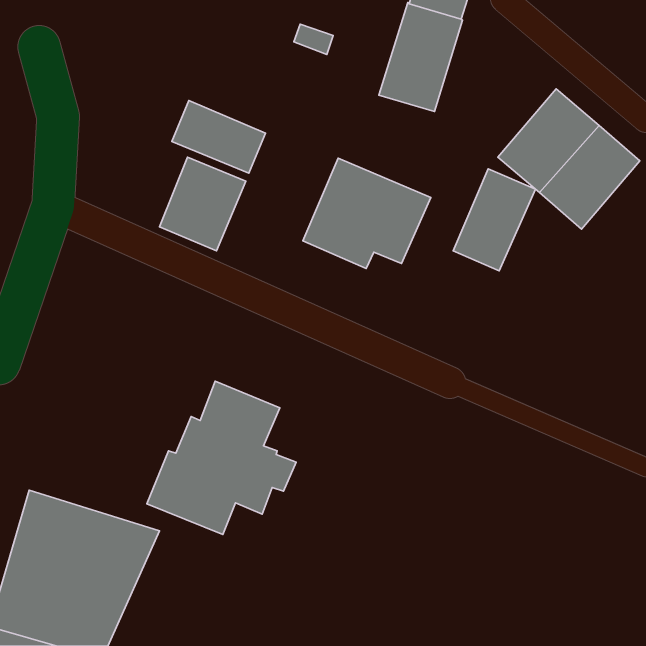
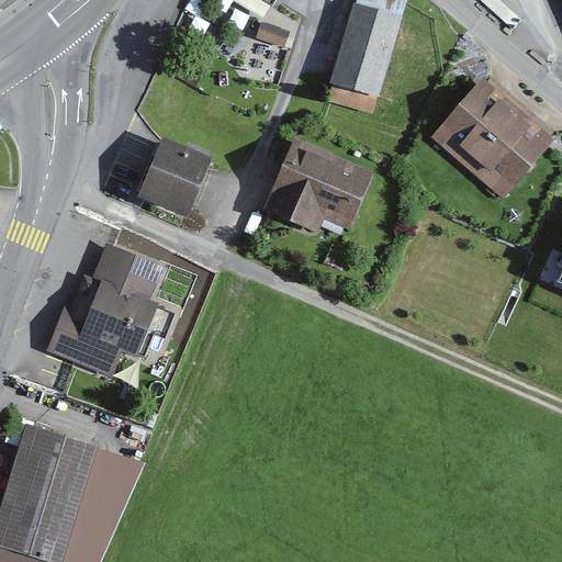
building: [172,100,265,173] -> none
building: [453,169,536,271] -> none
building: [147,381,296,534] -> [46,243,176,375]

